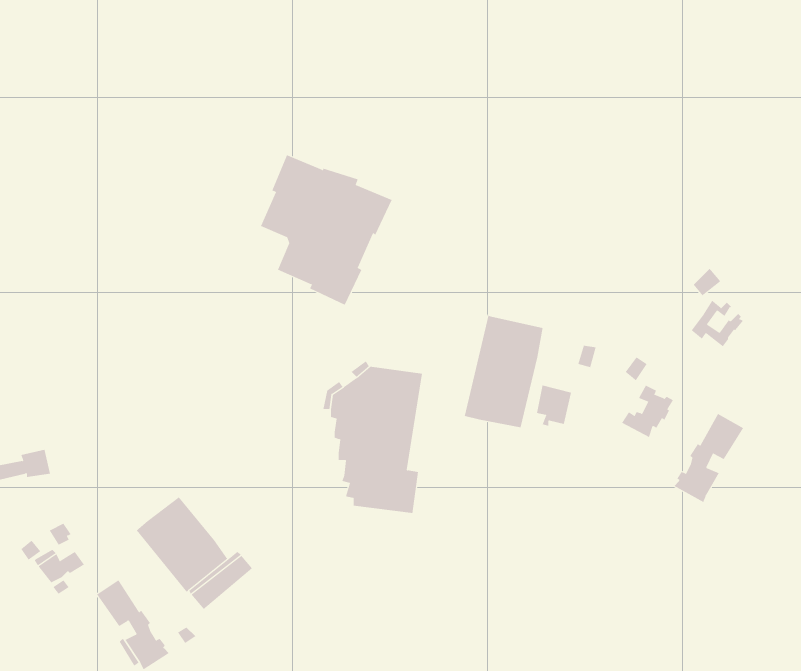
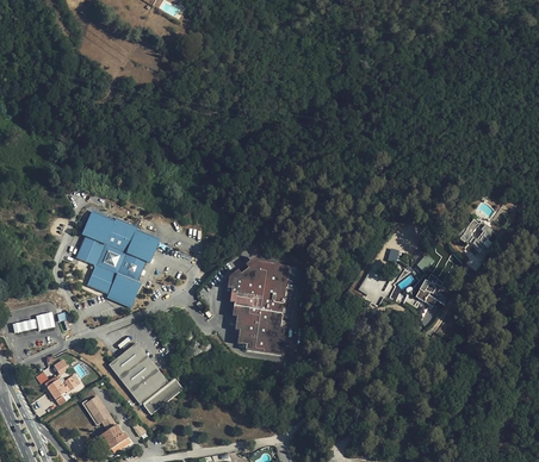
building: [260,155,392,306] -> [78,210,161,305]
building: [464,315,543,428] -> none
building: [673,413,744,503] -> none

